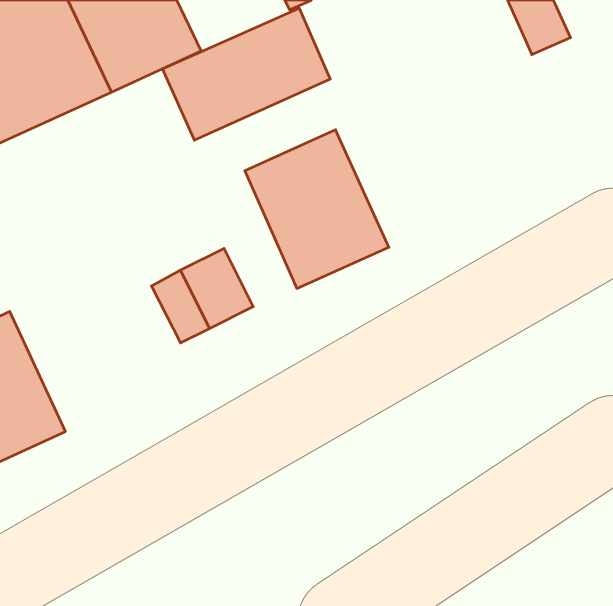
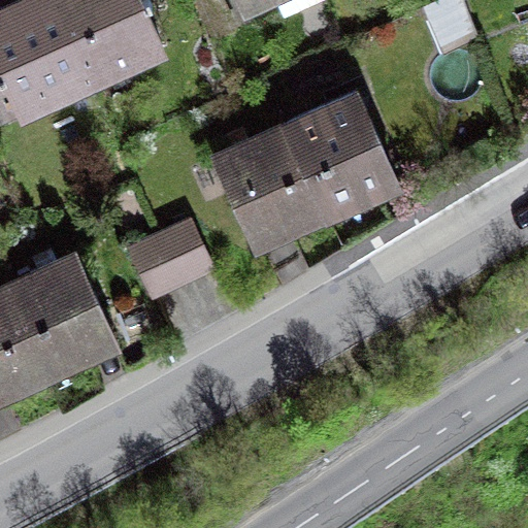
building: [162,8,330,140] -> none
building: none -> [286,88,407,222]
building: none -> [8,249,117,378]

